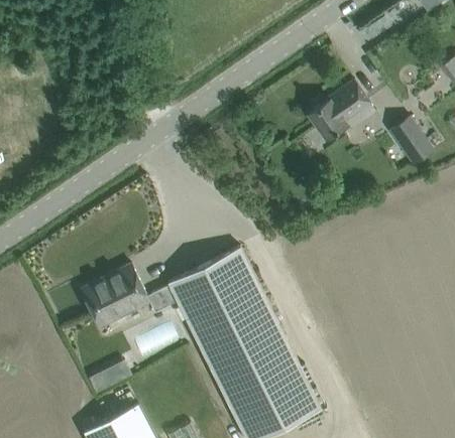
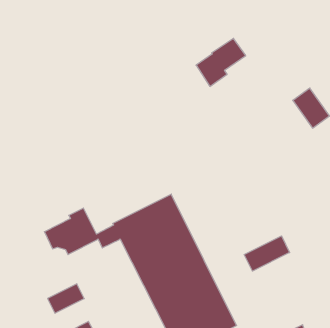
building: [308,82,369,141] -> [196,38,246,86]
building: none -> [244,236,290,271]

